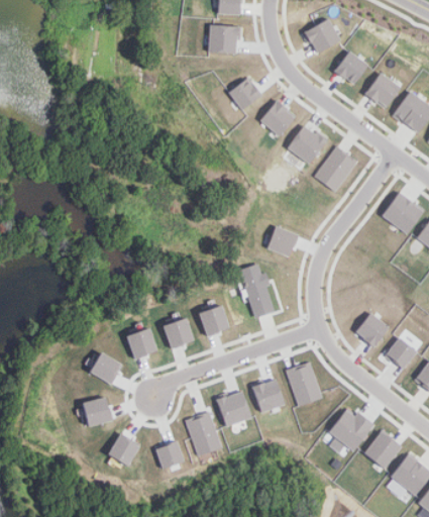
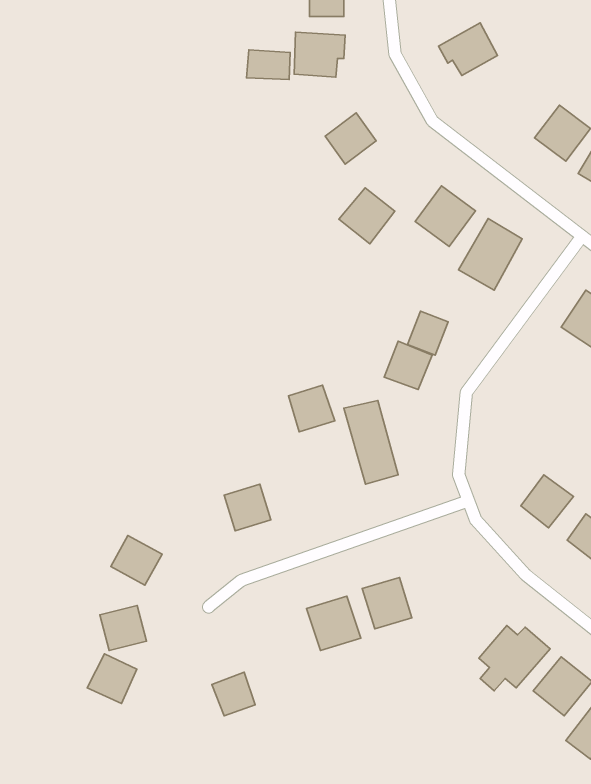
building: none -> [247,50,290,80]
building: [334,50,368,85] -> none
building: [259,100,296,136] -> [339,188,395,244]
building: none -> [407,311,448,355]
building: [199,305,229,335] -> [288,385,335,432]
building: [127,328,156,357] -> none
building: [286,361,322,406] -> none
building: [185,411,222,456] -> none
building: [107,433,139,466] -> [87,654,137,703]

